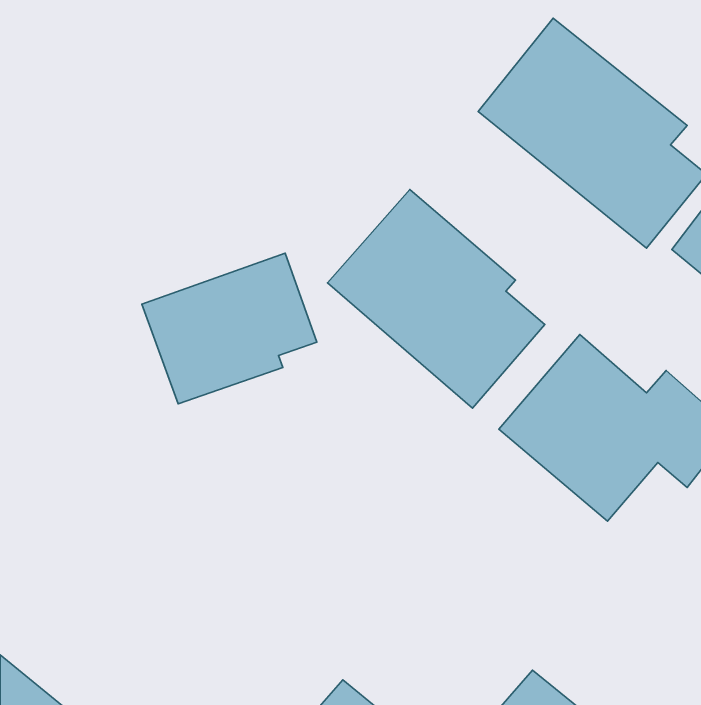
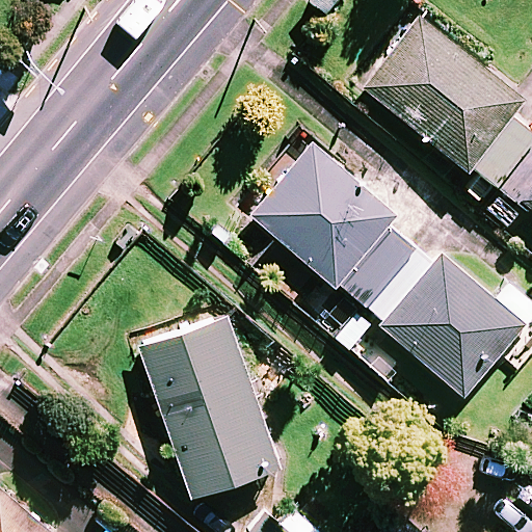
building: [142,253,317,404] -> none
building: none -> [140,317,280,496]

